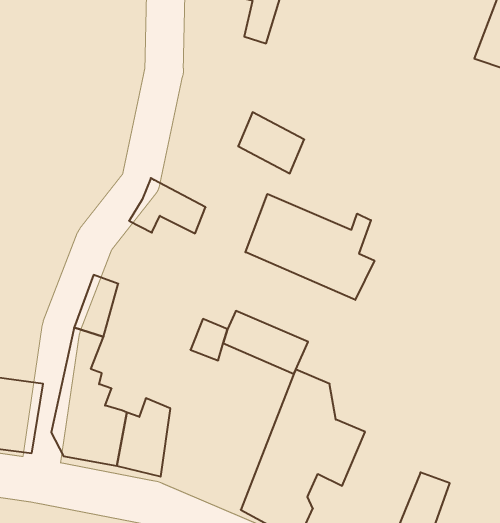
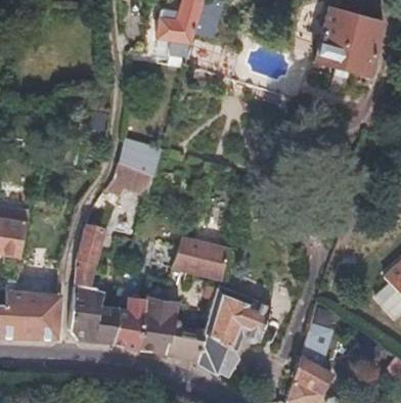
building: [238,112,304,173] -> [120,136,162,173]
building: [245,194,374,300] -> none
building: none -> [142,300,206,364]

